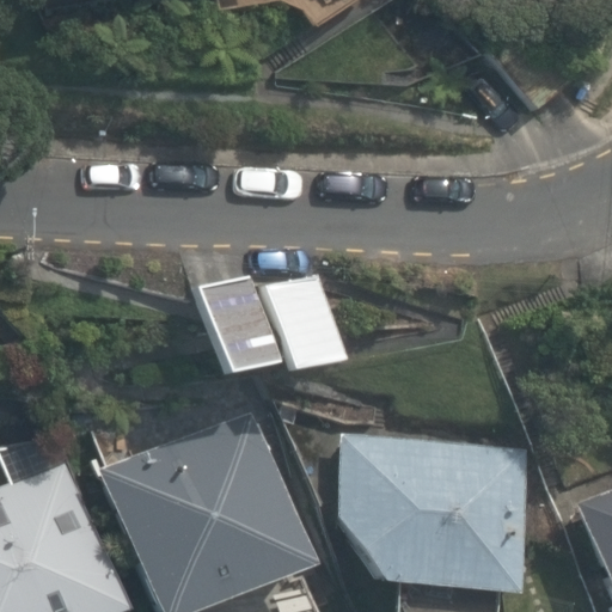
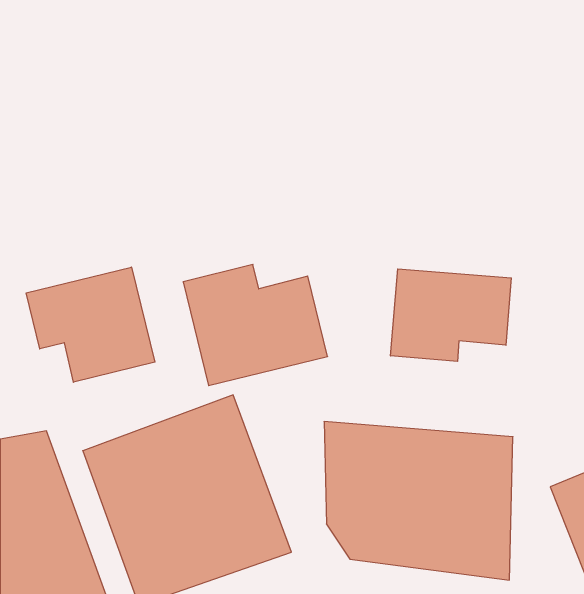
building: none -> [26,267,155,382]
building: none -> [391,269,511,361]

